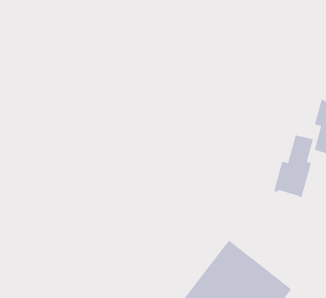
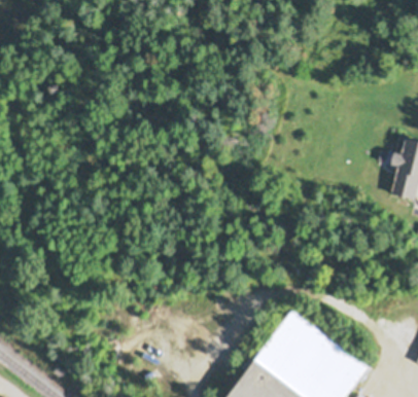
building: [273,135,314,198] -> none

